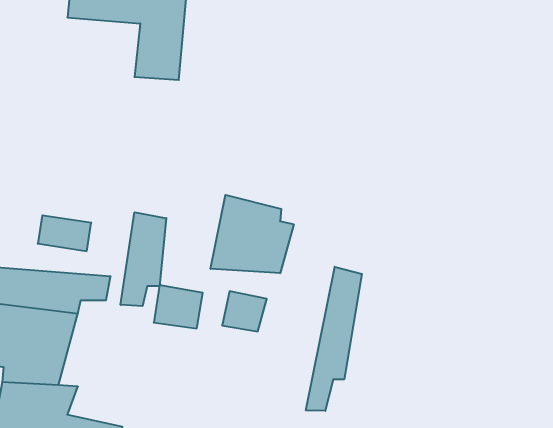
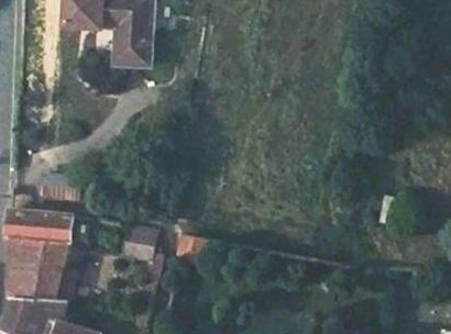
building: [211,195,294,273] -> none
building: [121,212,166,306] -> none
building: [306,267,362,411] -> none

